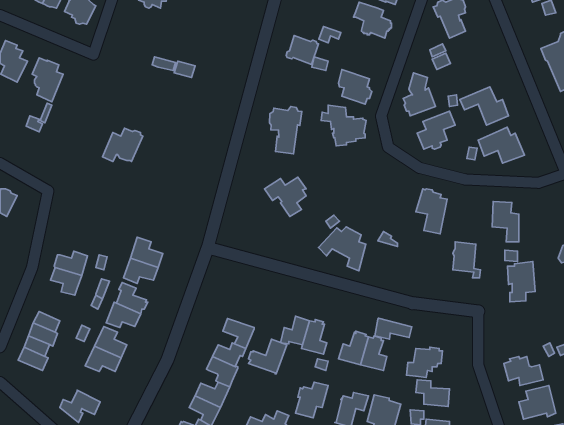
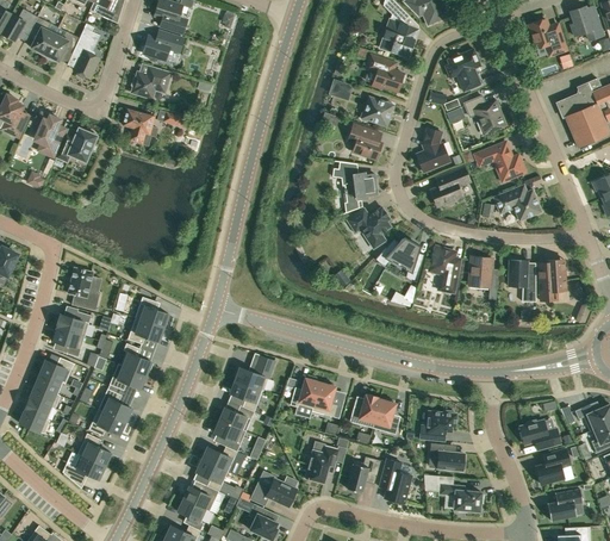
building: none -> [131,66,170,99]
building: [286,36,318,65] -> [360,97,393,126]
building: none -> [463,95,505,133]
building: none -> [123,108,157,145]
building: [269,107,302,154] -> none
building: [102,128,143,162] -> [56,128,98,162]
building: [264,177,306,217] -> [347,207,390,248]
building: none -> [68,267,100,310]
building: [318,227,366,271] -> [375,237,424,282]
building: [453,242,481,278] -> [468,256,497,293]
building: [507,261,535,302] -> [537,259,566,300]
building: none -> [41,357,74,384]
building: [375,318,412,339] -> none
building: [249,339,287,374] -> [235,355,274,391]
building: none -> [77,433,111,466]

